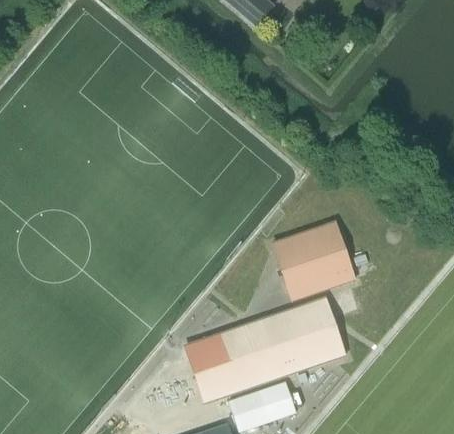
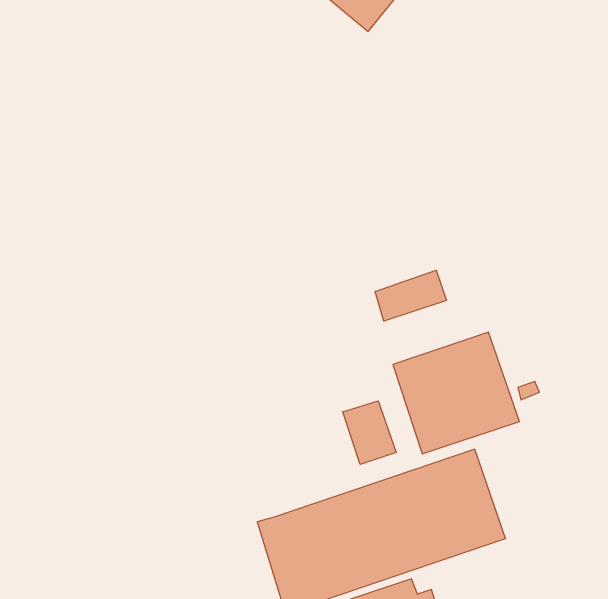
building: none -> [375,270,446,321]
building: none -> [343,401,396,464]

